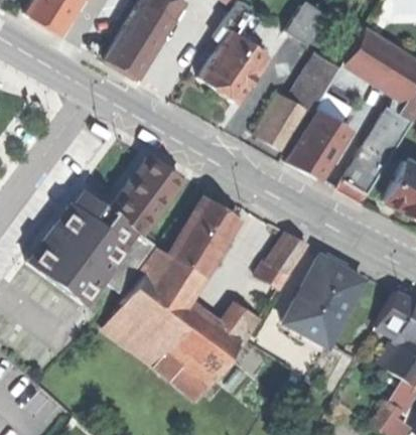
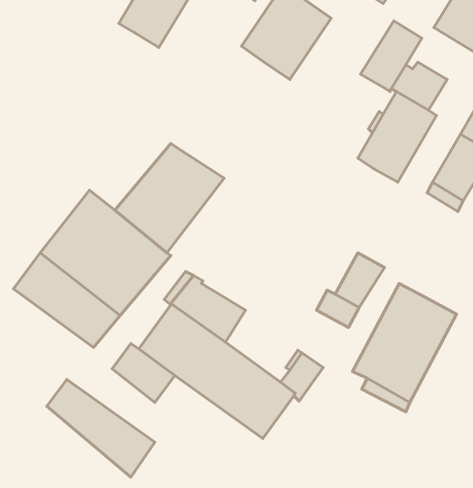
building: [257,94,309,151] -> none
building: [170,198,240,277] -> none
building: [135,326,217,400] -> [47,380,155,477]

